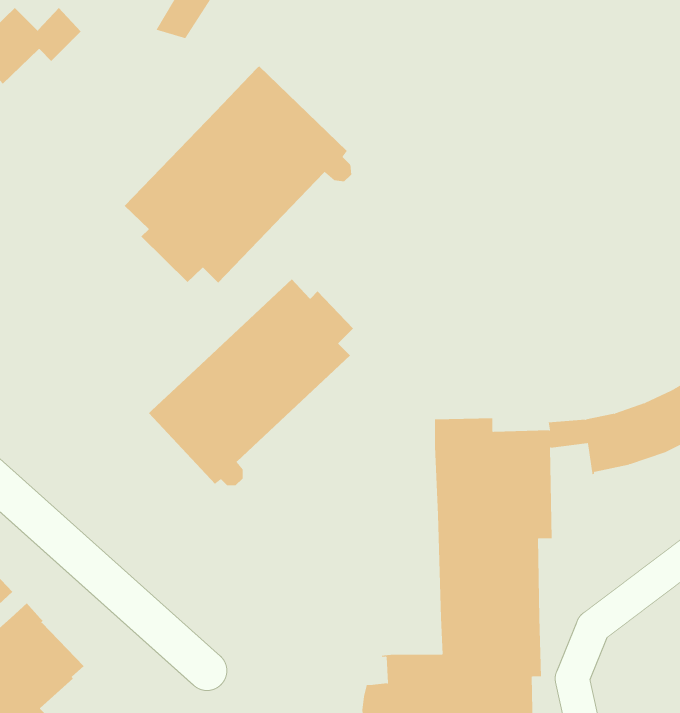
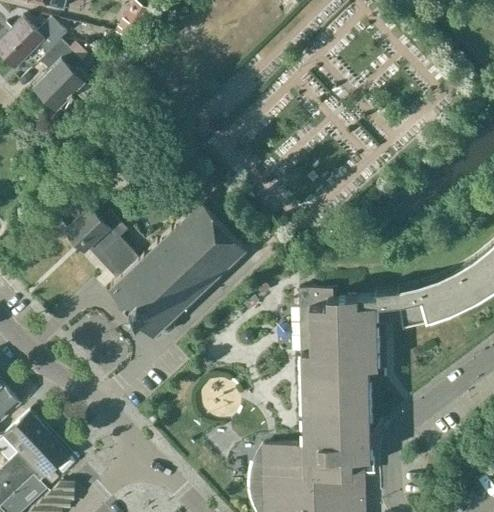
building: none -> [33,41,85,111]
building: [124,65,352,284] -> none
building: none -> [63,211,142,285]

